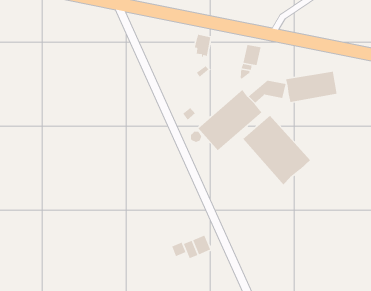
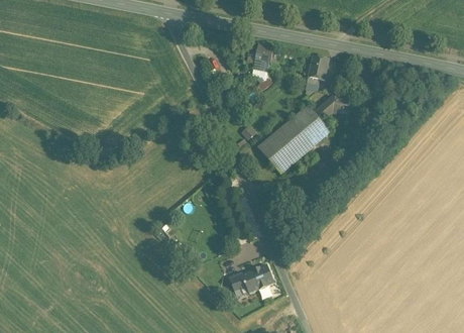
building: [285,71,337,103] -> none
building: [242,115,311,185] -> none

